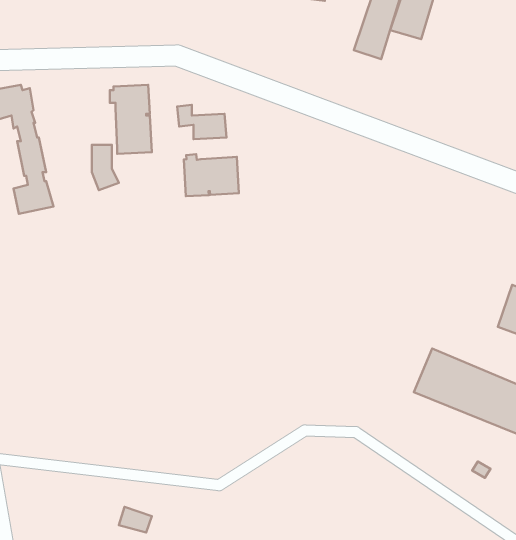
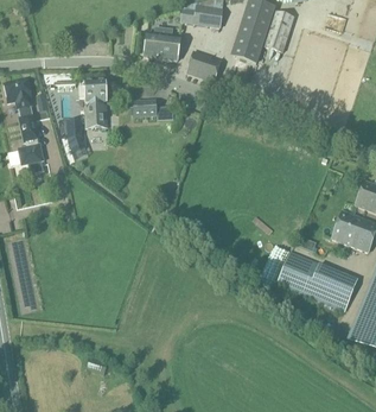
building: none -> [142,33,179,61]
building: none -> [187,52,222,80]
building: [184,154,239,196] -> none

